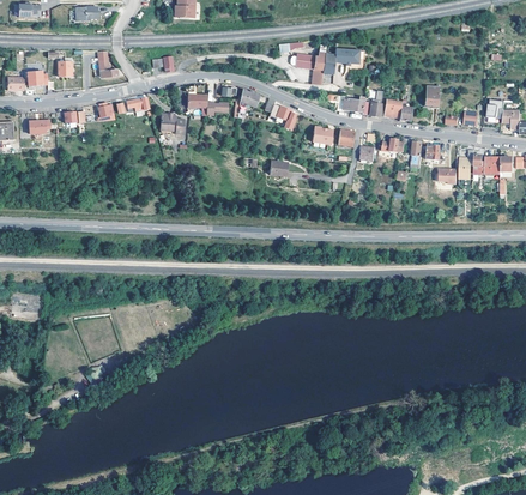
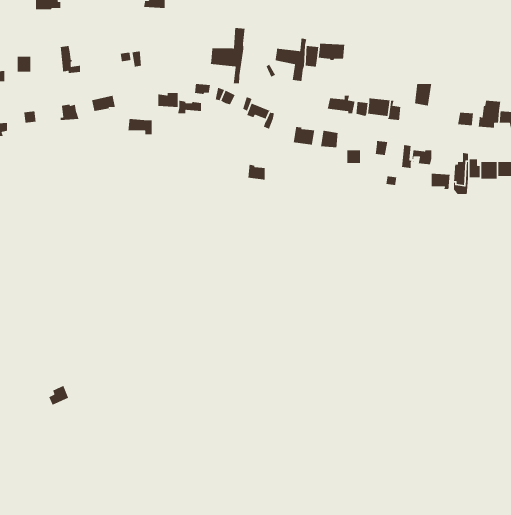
building: none -> [210,27,246,84]

